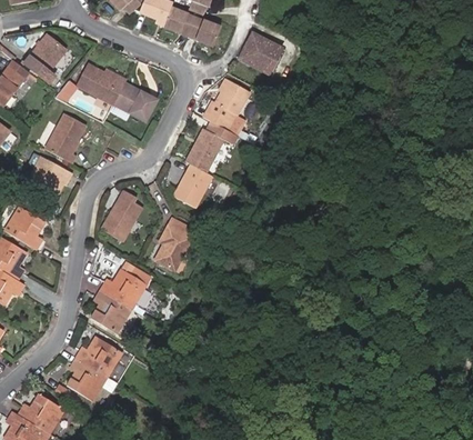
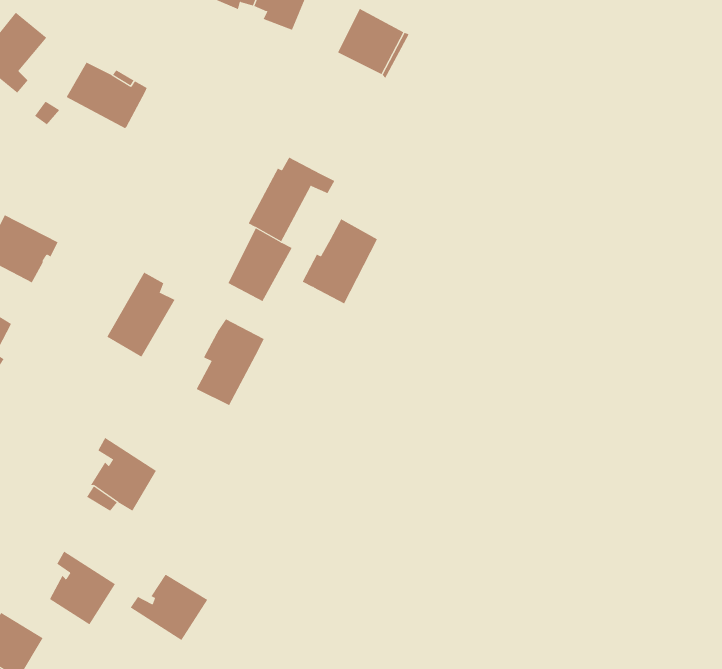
building: [203,80,249,131] -> [302,219,378,304]
building: [113,82,159,122] -> none
building: [44,112,87,163] -> none
building: [100,261,151,309] -> none
building: [76,337,122,377] -> [130,574,208,641]

